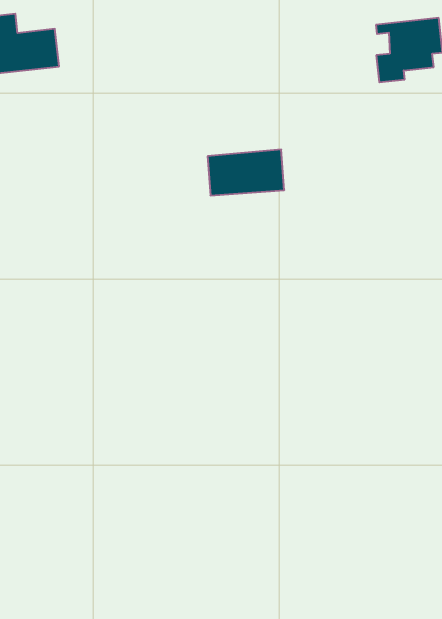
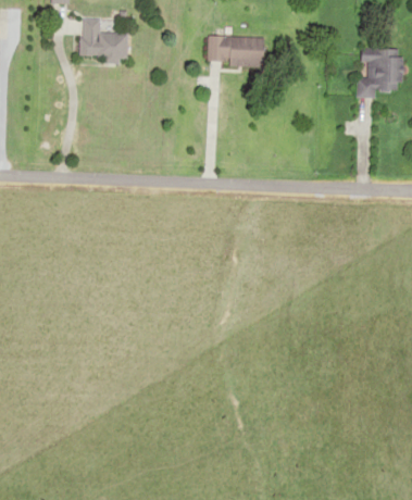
building: [208,150,284,195] -> [209,36,263,66]

